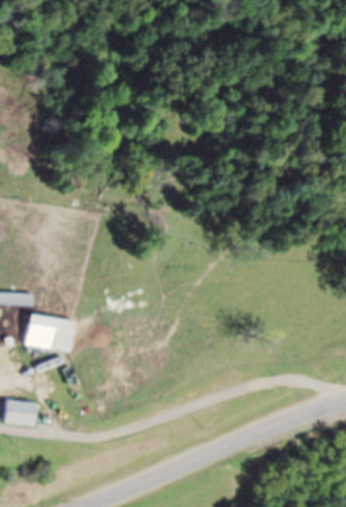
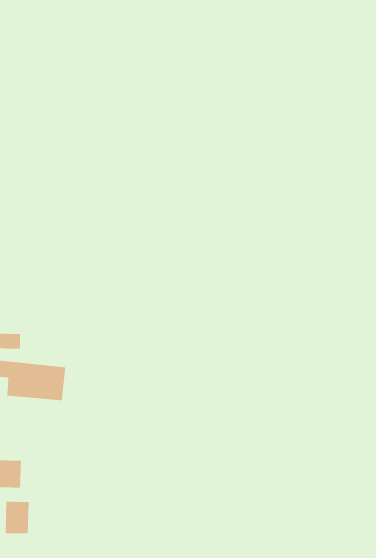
building: none -> [5,501,29,534]

